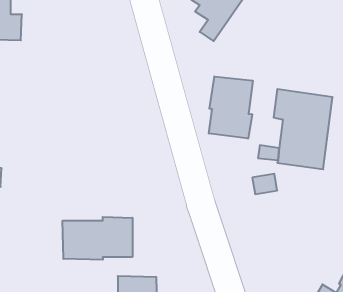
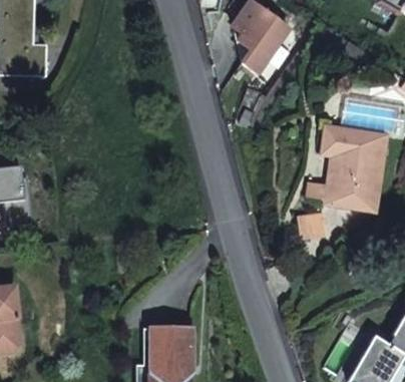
building: [209,76,253,139] -> none
building: [63,217,132,260] -> none

